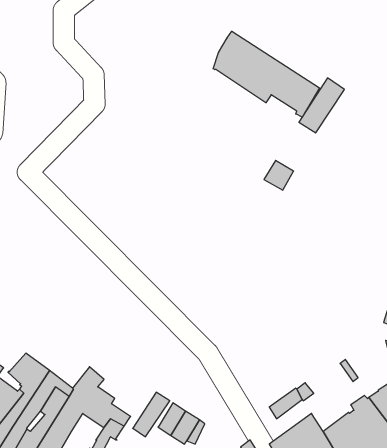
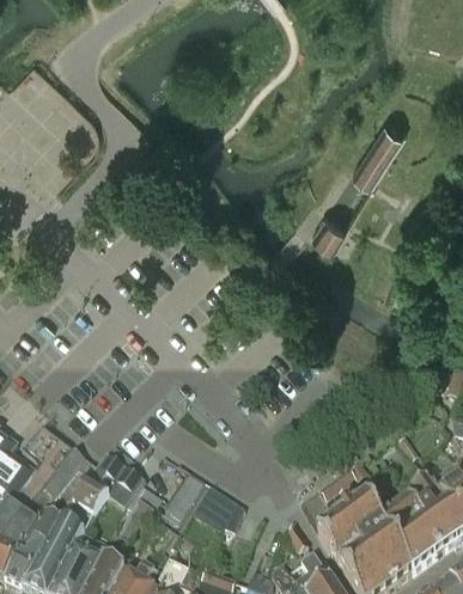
building: [213,31,320,117] -> none

